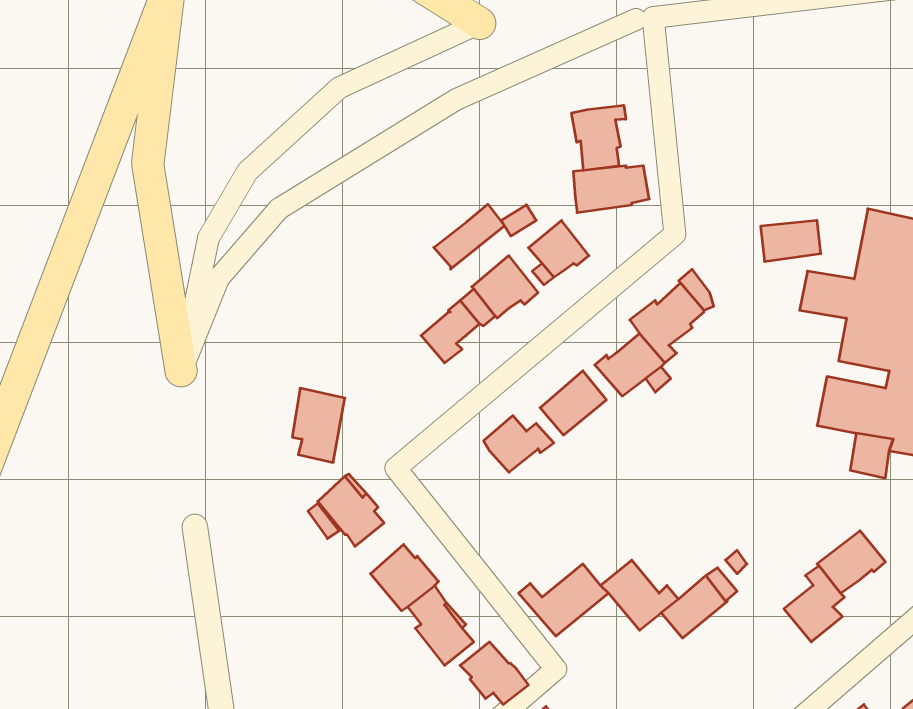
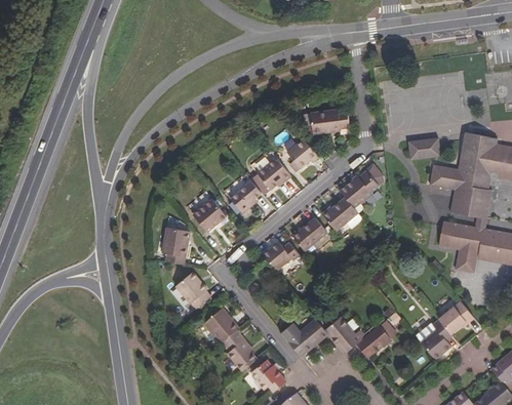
building: [572,105,626,170] -> none
building: [434,204,505,269] -> none
building: none -> [192,198,226,232]

